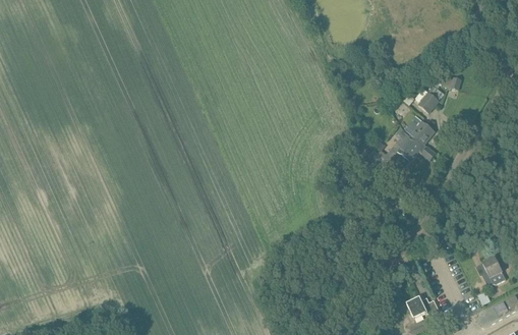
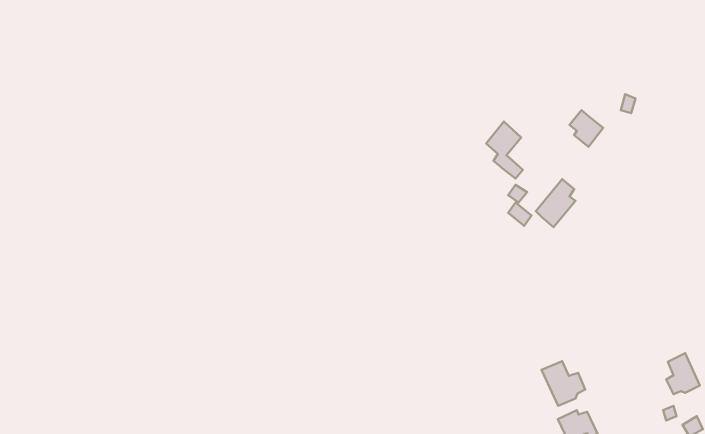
building: [408,118,434,158] -> [486,121,523,179]
building: none -> [542,361,585,406]

